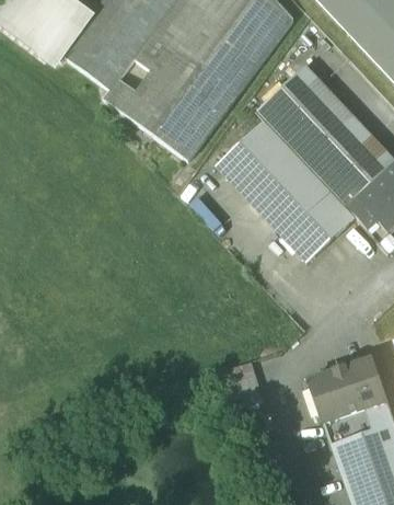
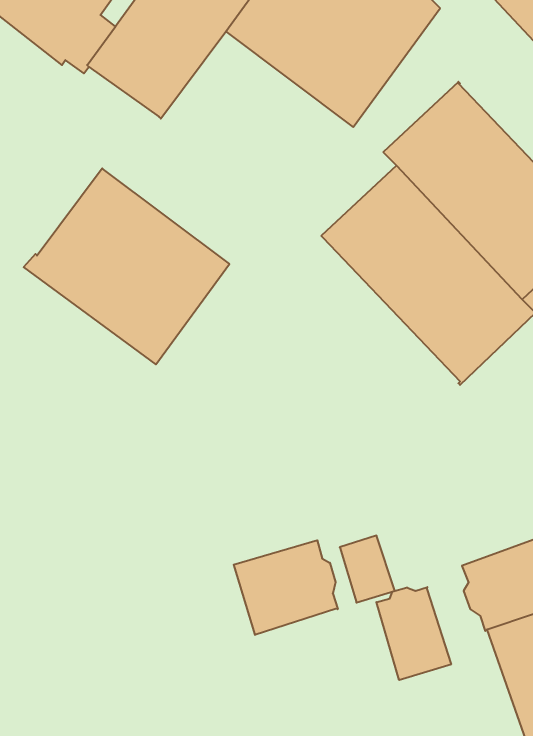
building: [102,31,236,159] -> [24,168,229,364]
building: none -> [234,540,338,635]
building: none -> [376,587,451,680]

